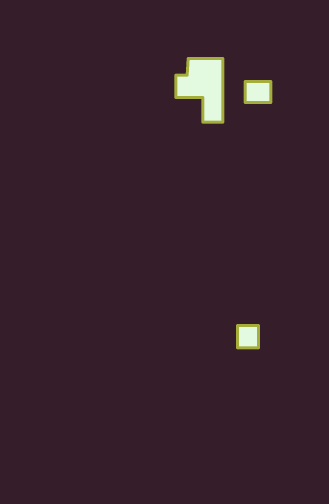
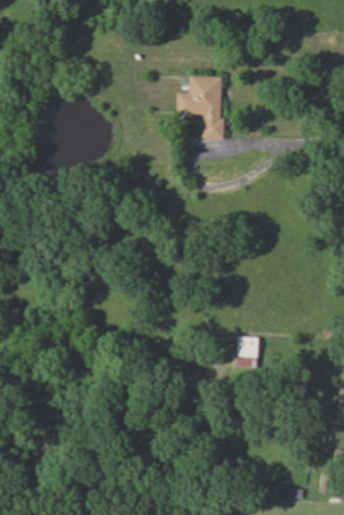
building: [245,81,271,102] -> none

